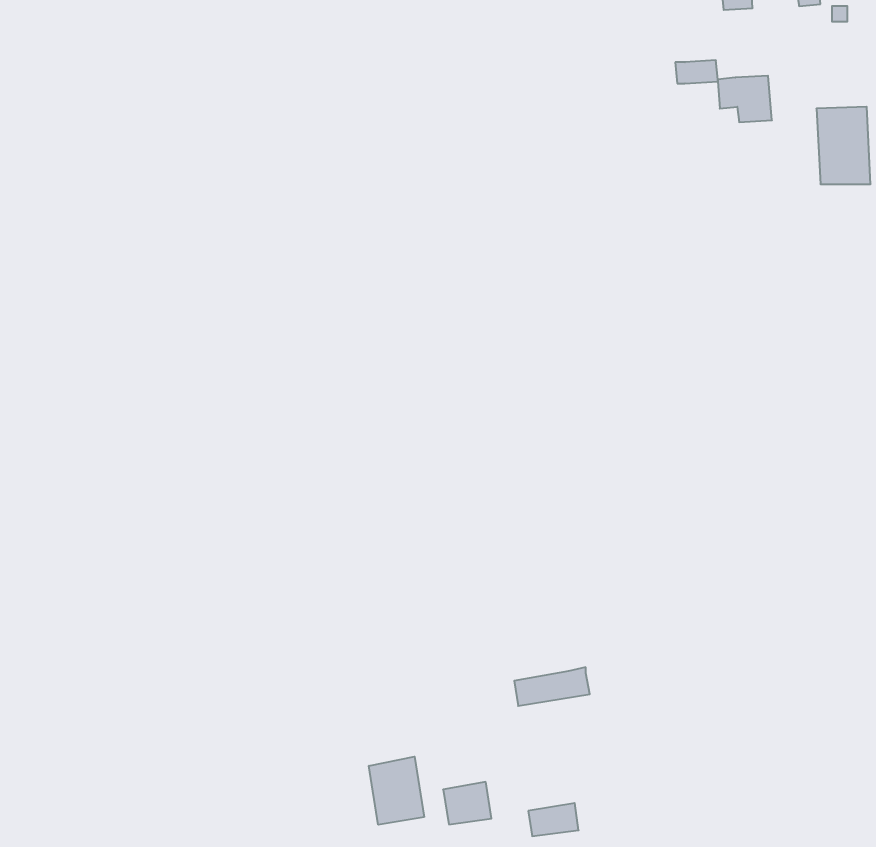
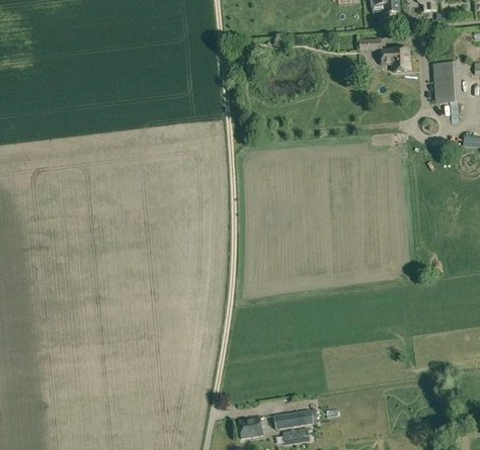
building: [514,667,590,706] -> [273,408,313,428]
building: [369,757,424,825] -> none

